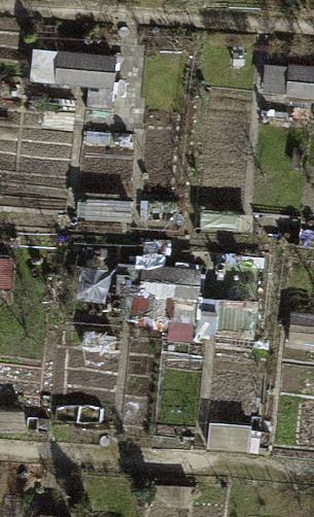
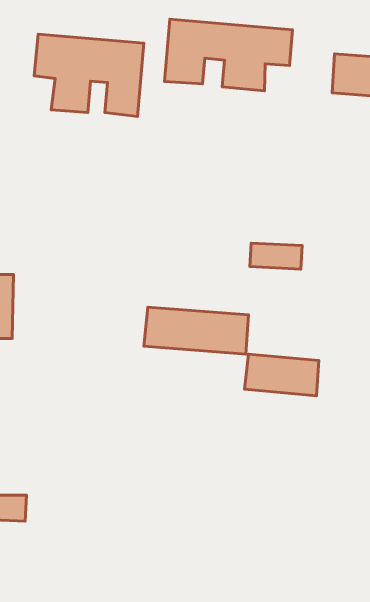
building: none -> [165,19,292,91]

